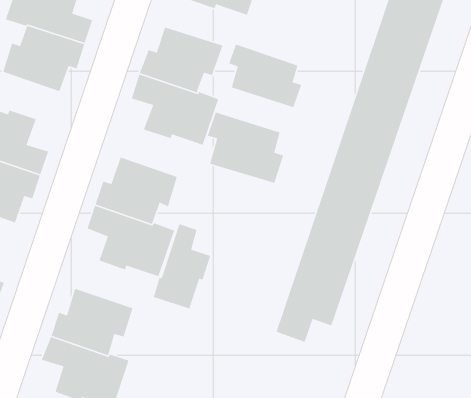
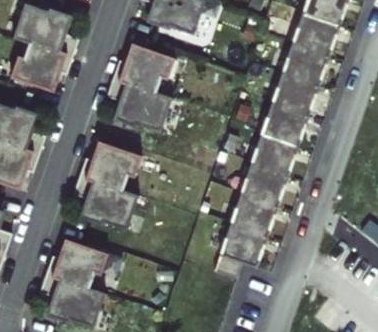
building: [228,43,302,108] -> none
building: [207,111,284,184] -> none
building: [153,223,211,309] -> none

